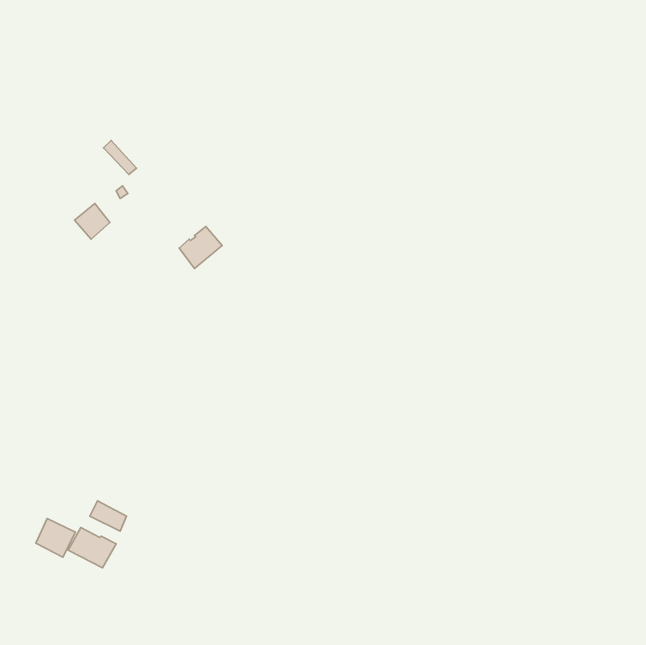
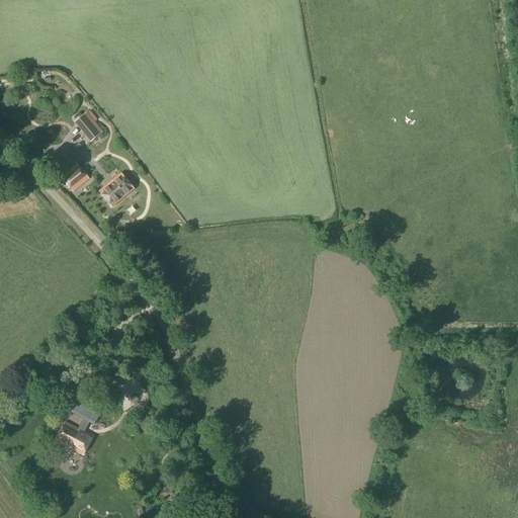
building: [179,227,222,268] -> [99,173,134,206]
building: [36,519,76,557] -> none

